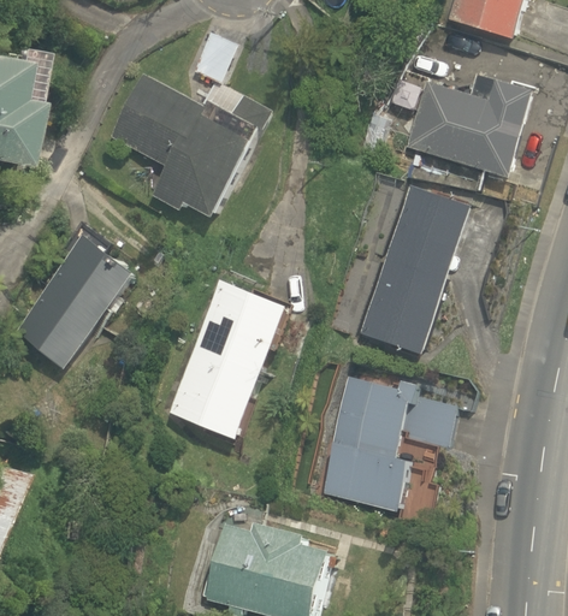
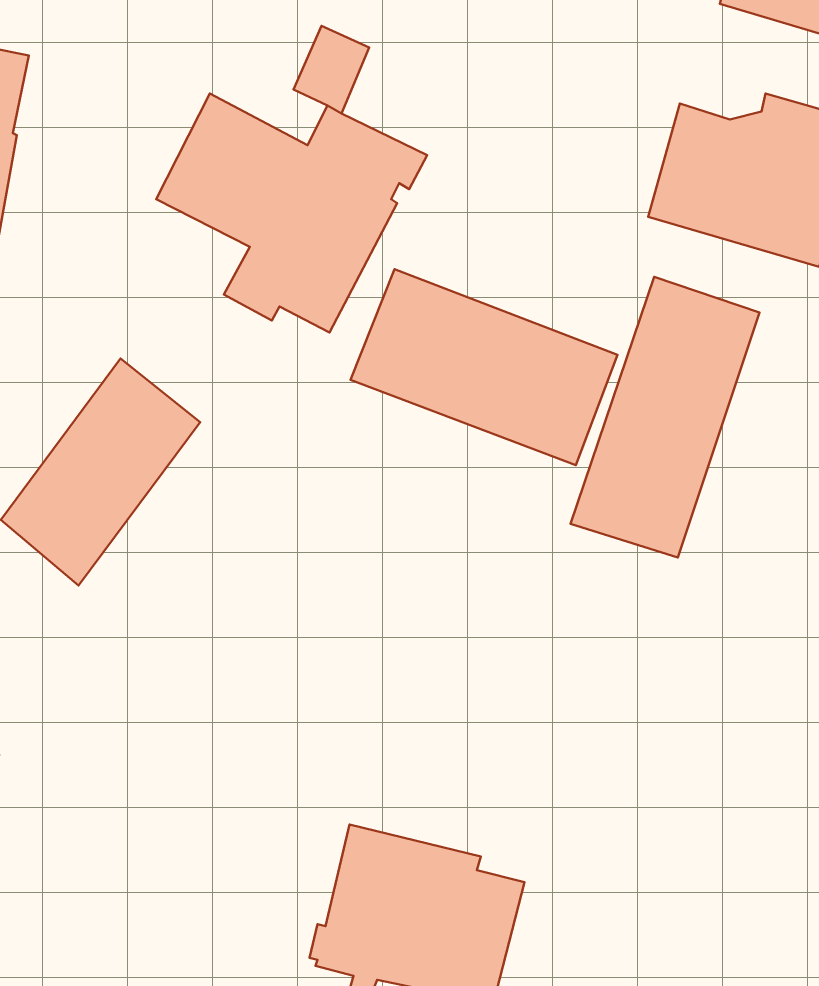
building: none -> [350,269,618,465]
building: [168,280,286,439] -> none
building: [321,377,455,511] -> none

